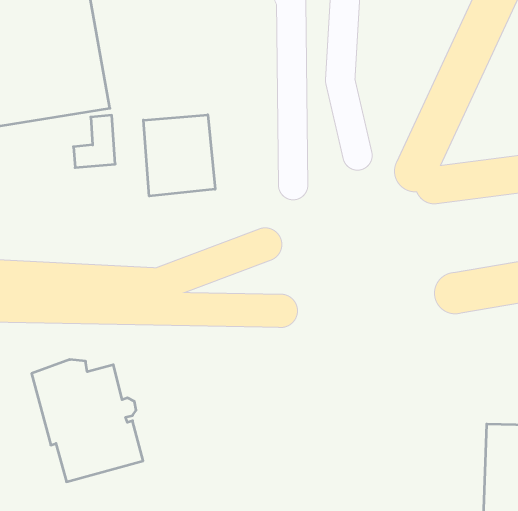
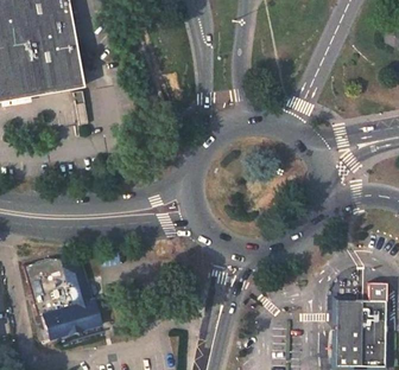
building: [143,115,215,196] -> none

